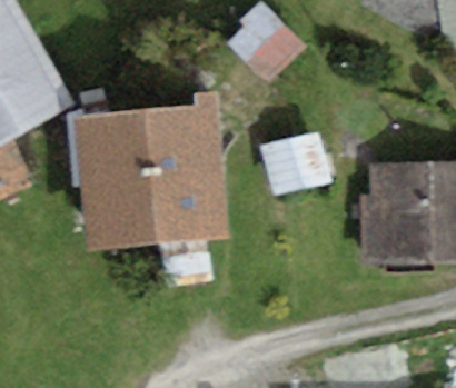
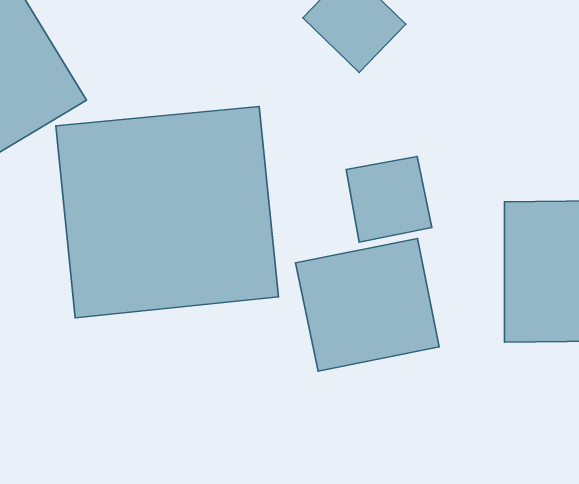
building: none -> [296,239,439,371]

